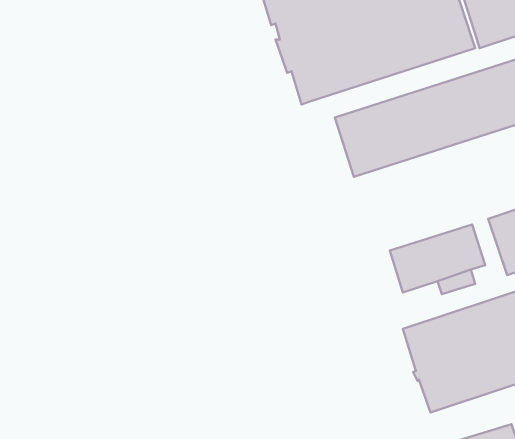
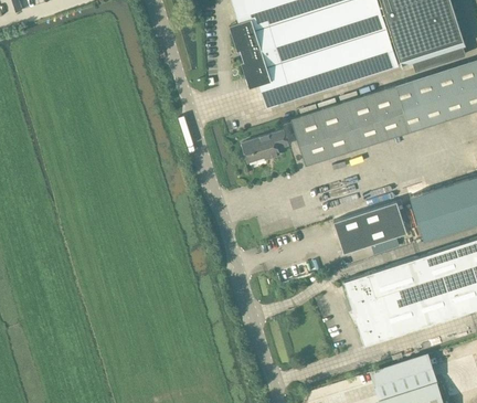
building: none -> [243,130,288,162]

